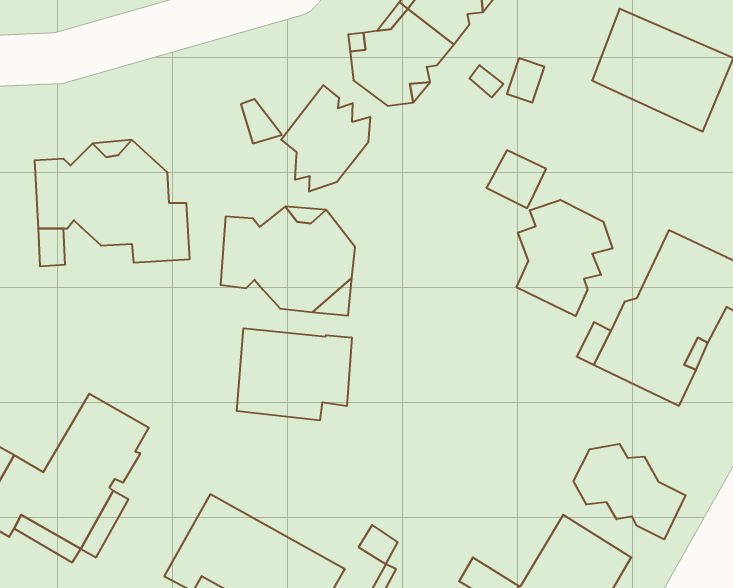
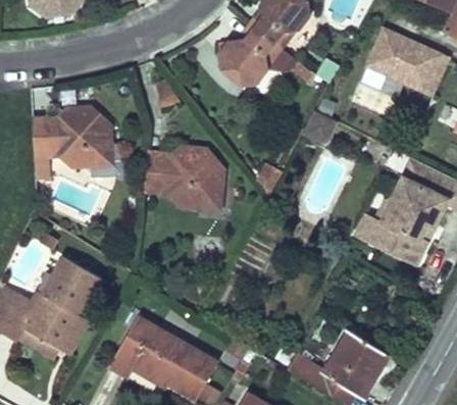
building: [281,85,370,192] -> none
building: [517,200,613,316] -> none
building: [237,328,352,420] -> none
building: [574,444,685,539] -> none

